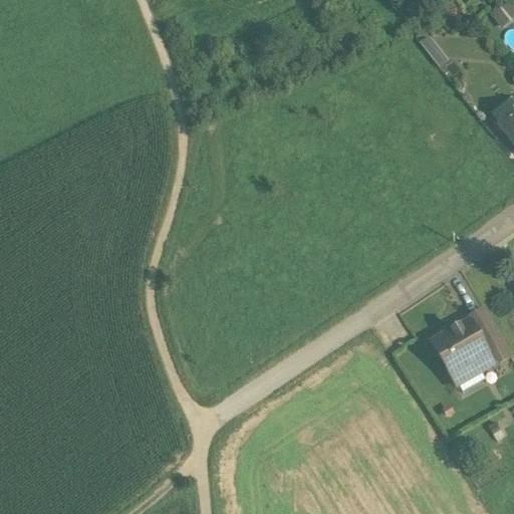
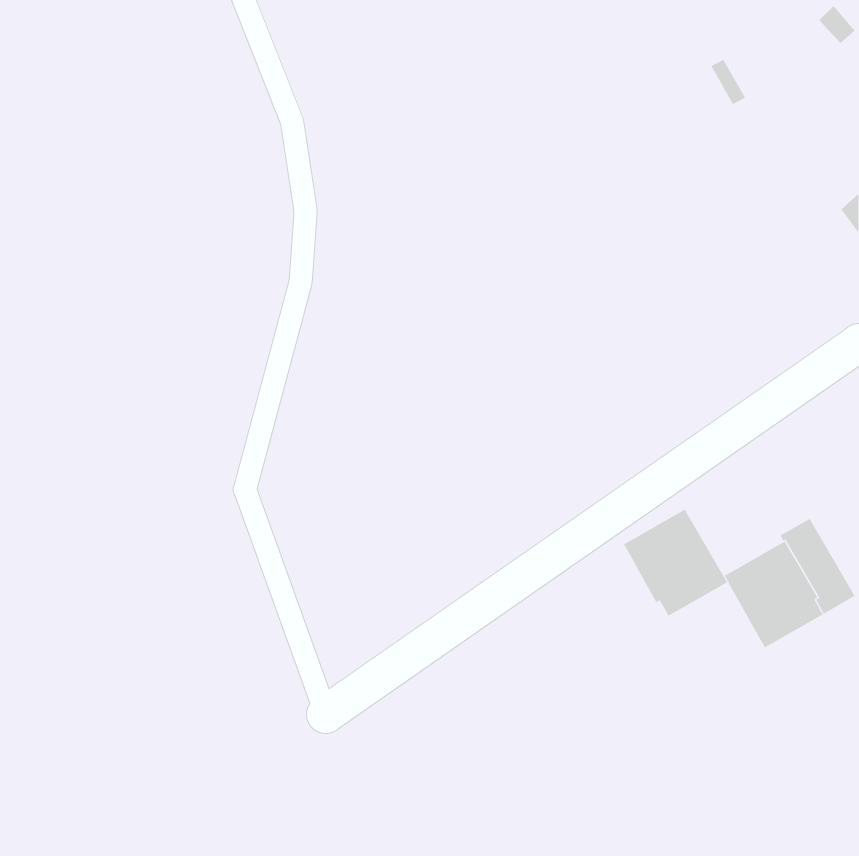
building: none -> [623,509,728,617]

